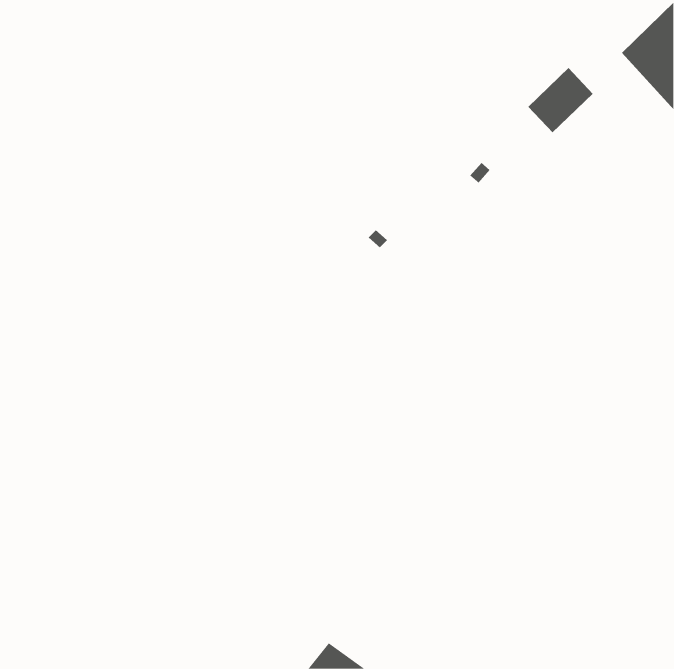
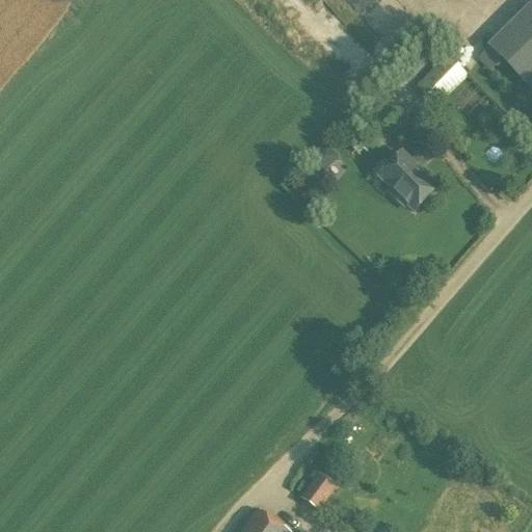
building: none -> [379,150,438,208]
building: none -> [300,471,337,509]

